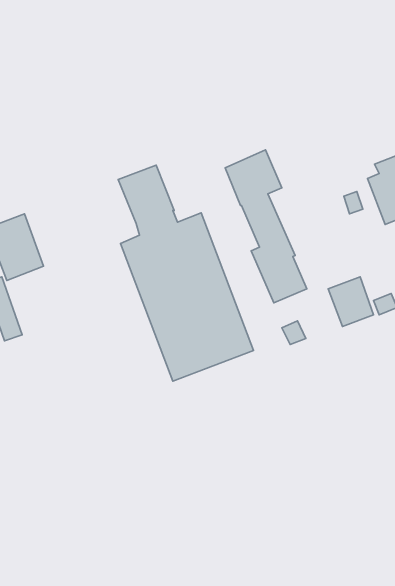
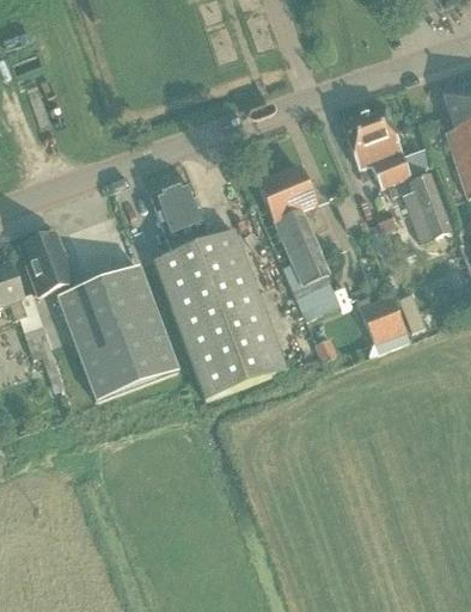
building: none -> [342,106,411,186]
building: none -> [57,265,178,400]

